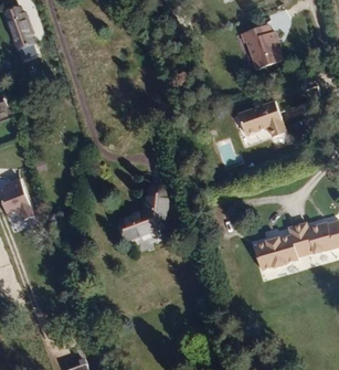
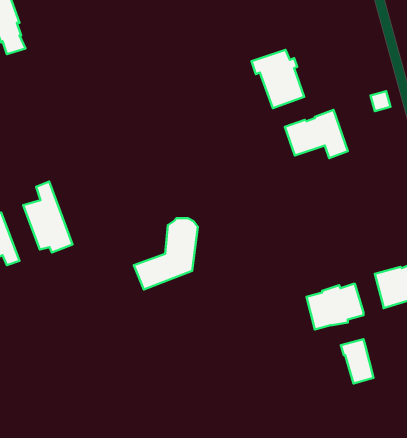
building: [241,24,282,70] -> [251,50,304,108]
building: none -> [23,181,72,253]
building: [287,223,312,257] -> [341,339,374,384]

